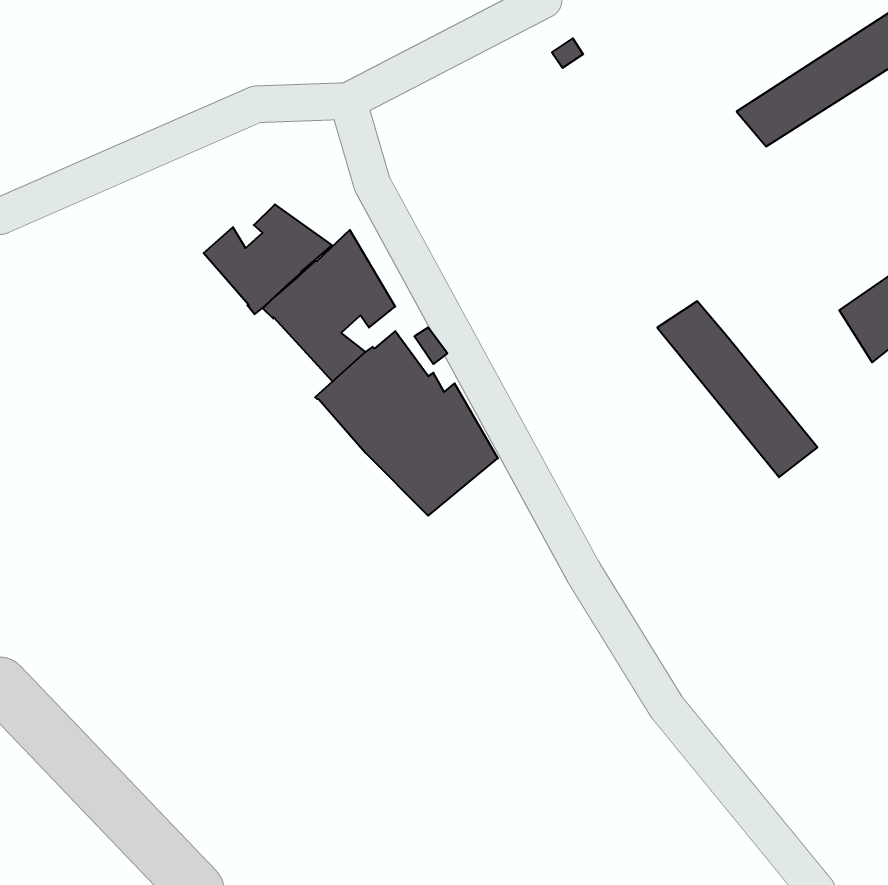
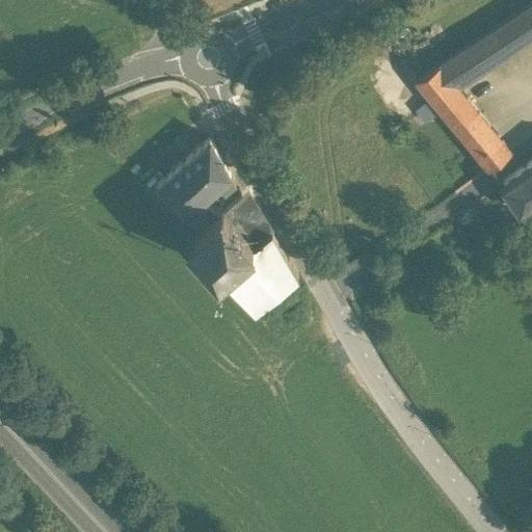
building: [204,204,332,314] -> none
building: [657,301,817,477] -> [417,70,512,175]

